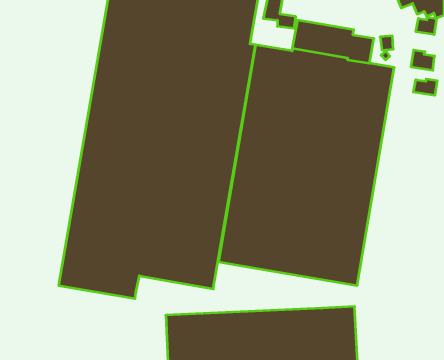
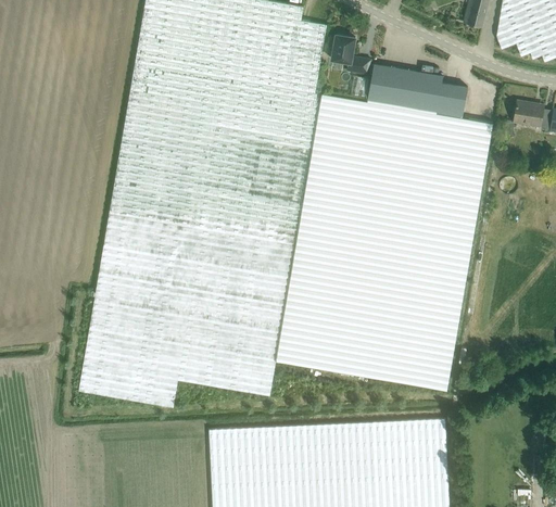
building: [416,17,437,35] -> none
building: [413,79,437,95] -> none

